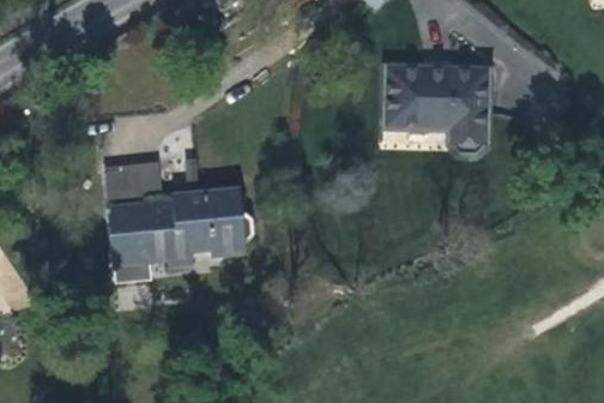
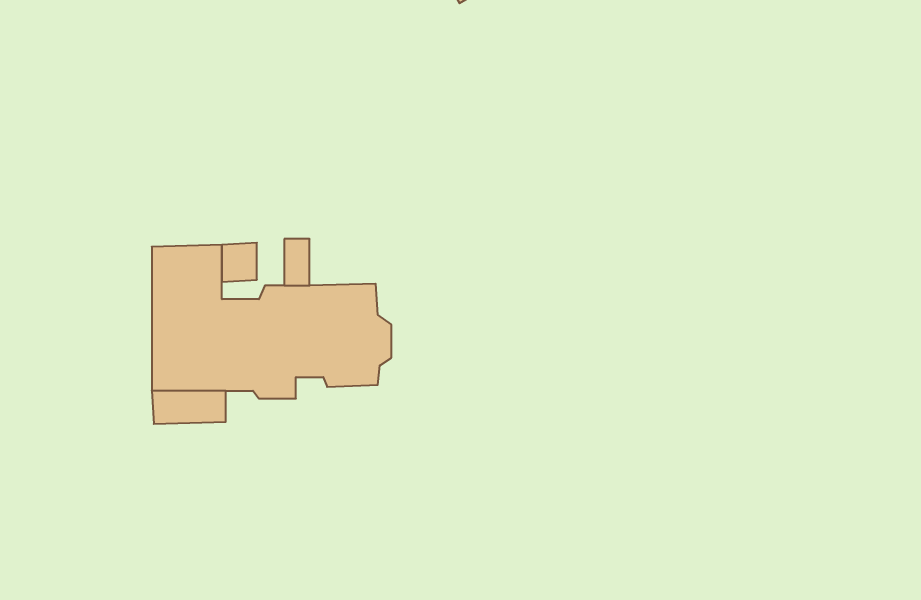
building: [387,66,488,150] -> none

